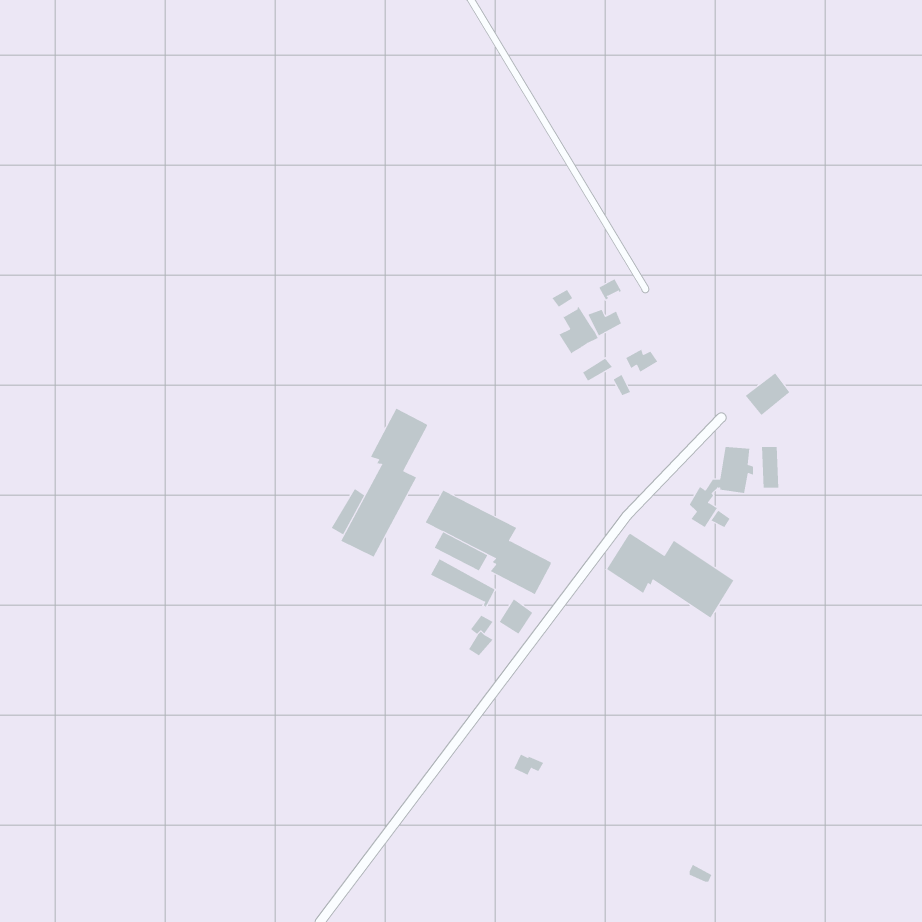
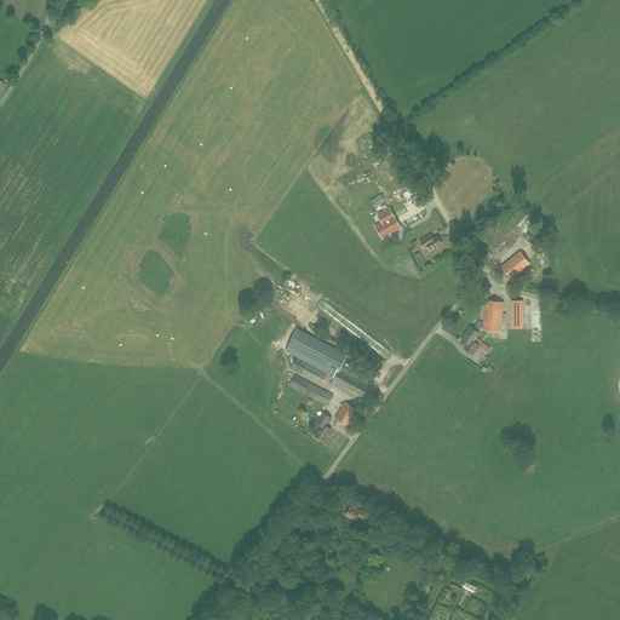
building: [341,408,428,558] -> none
building: [606,533,734,618] -> none

